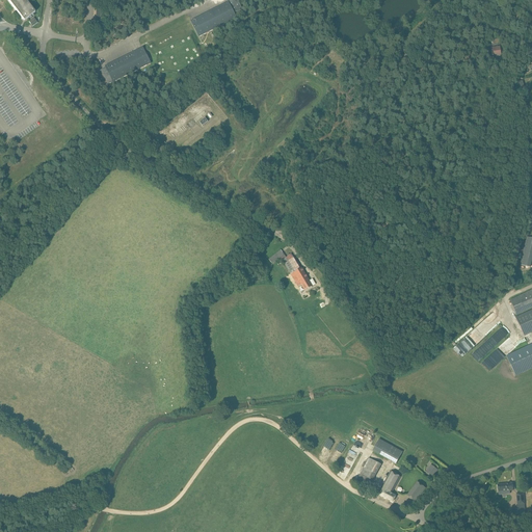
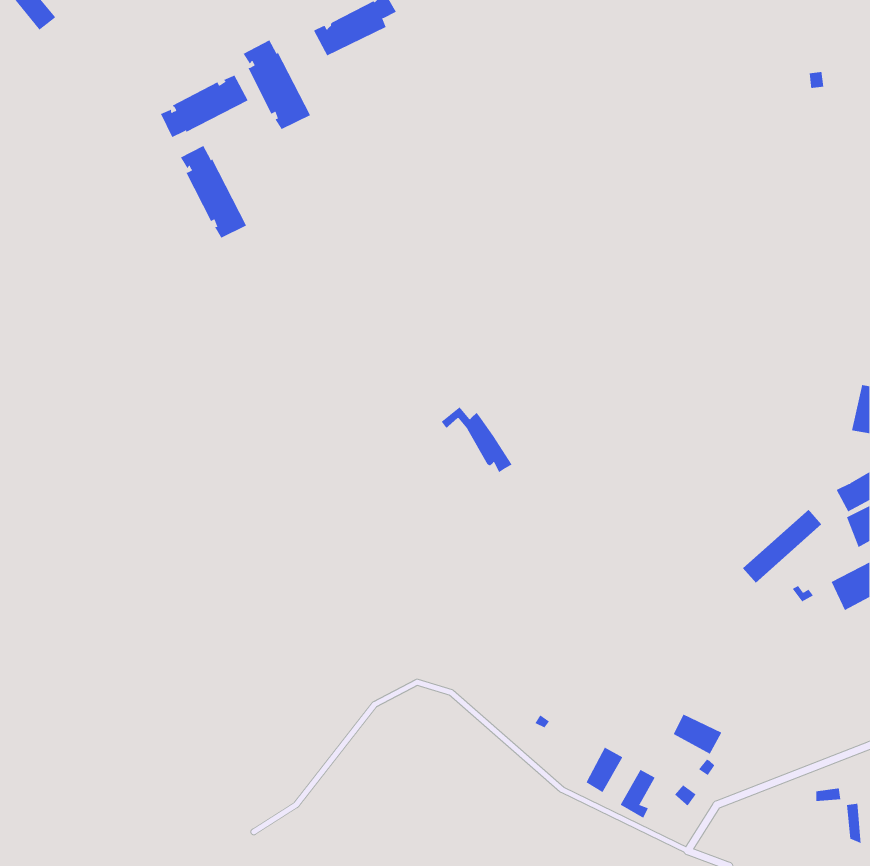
building: none -> [243,39,311,130]
building: none -> [180,145,247,238]
building: [373,437,403,462] -> [673,714,722,755]

